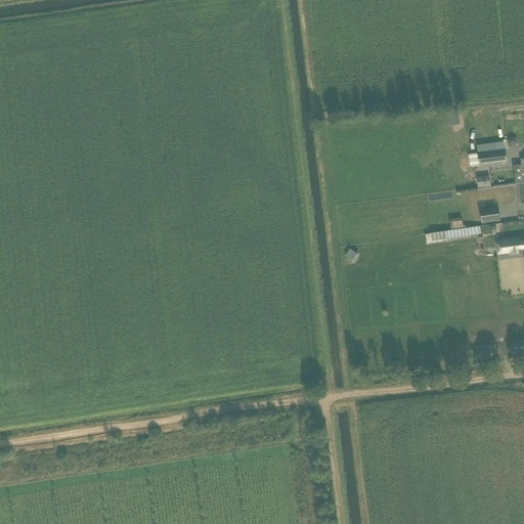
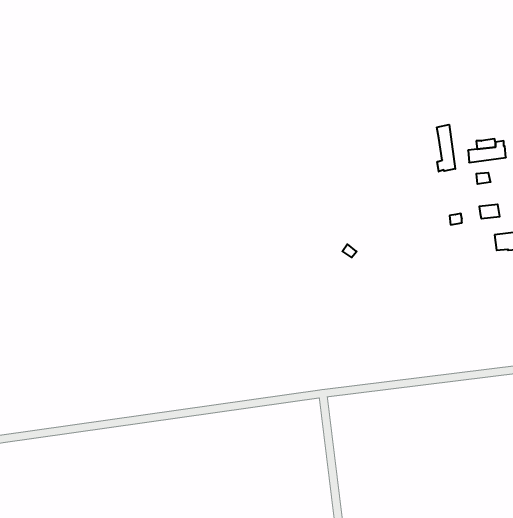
building: none -> [437,125,455,172]

